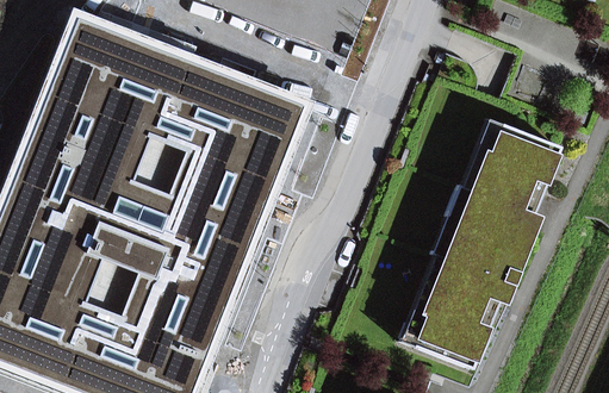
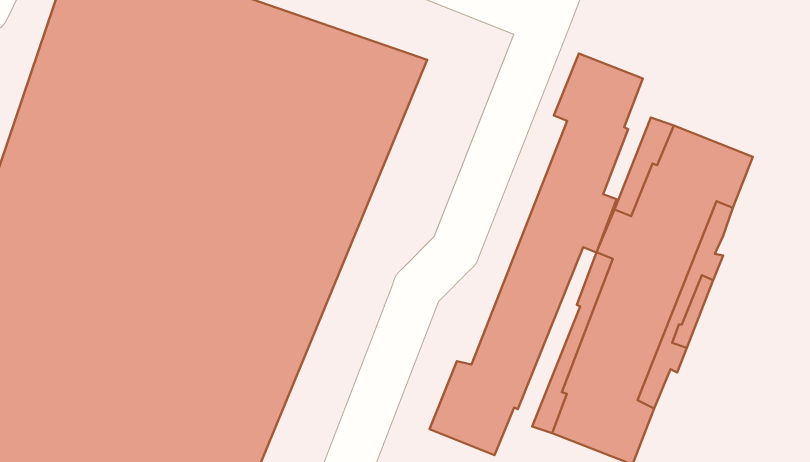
building: none -> [430,53,643,455]

